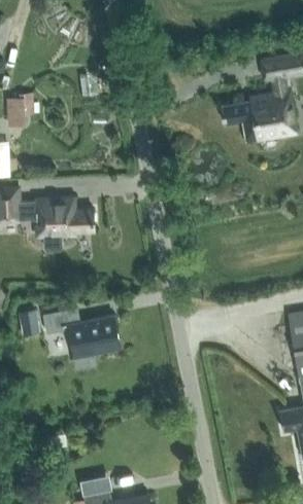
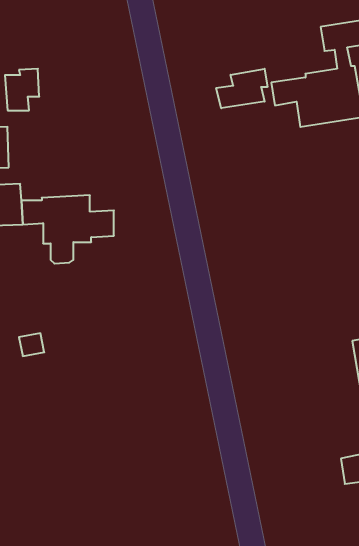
building: none -> [216,69,267,108]
building: [43,308,120,369] -> none

